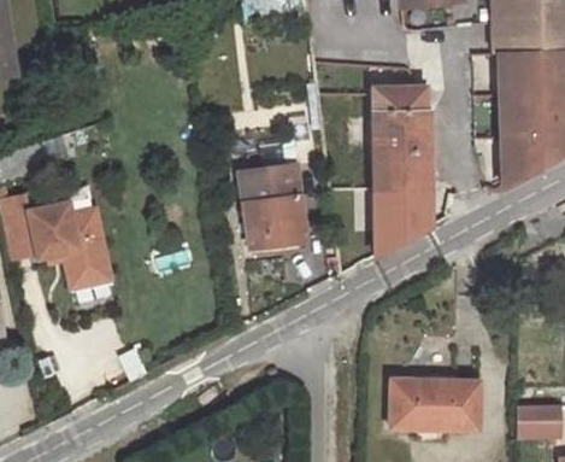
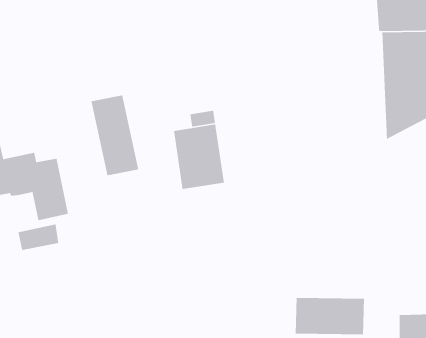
building: [372,88,432,256] -> none
building: none -> [90,94,139,176]
building: none -> [17,223,59,251]

